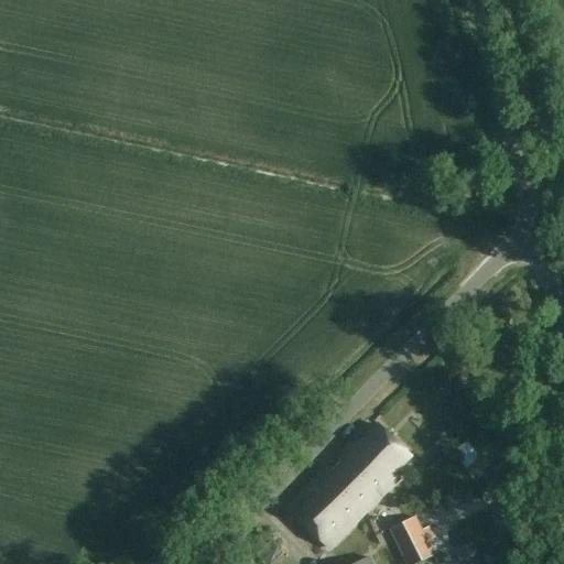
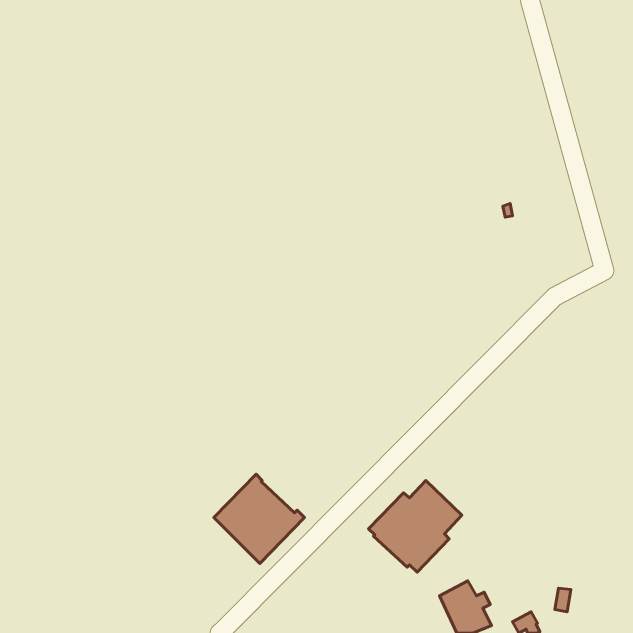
building: [291,469,371,549] -> [214,474,304,564]

